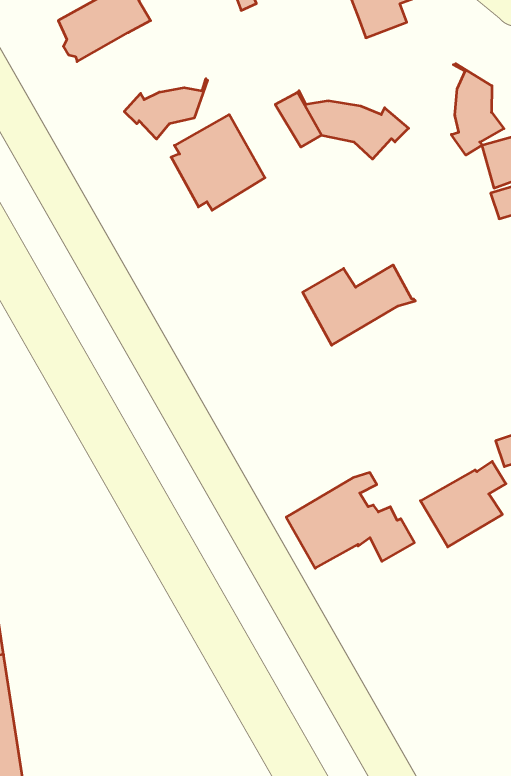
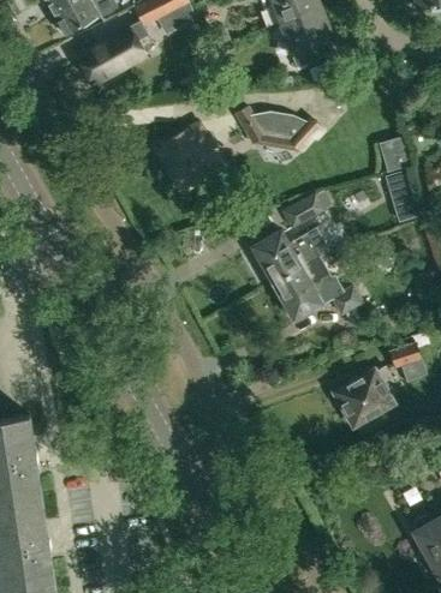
building: [451,64,504,155] -> none
building: [124,79,208,139] -> none
building: none -> [280,191,328,229]
building: [286,473,414,568] -> [272,252,362,319]

